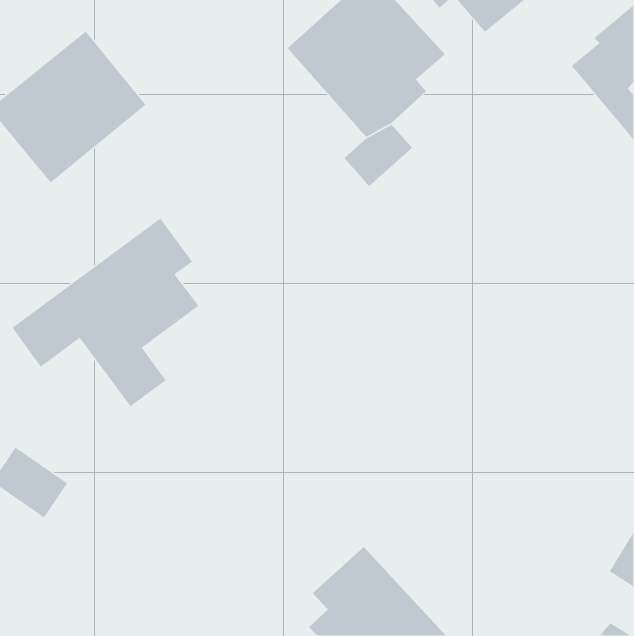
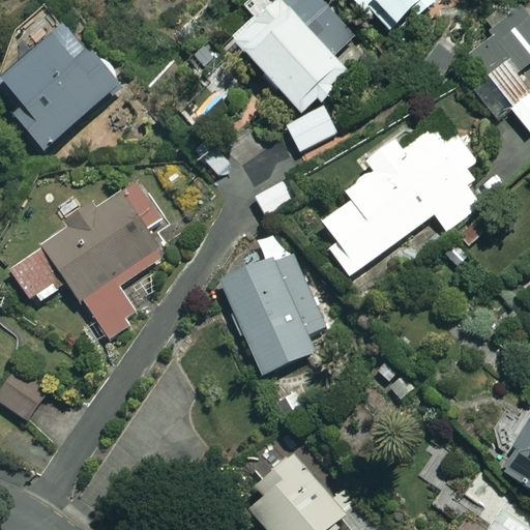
building: none -> [323,126,478,276]
building: none -> [222,249,332,375]

